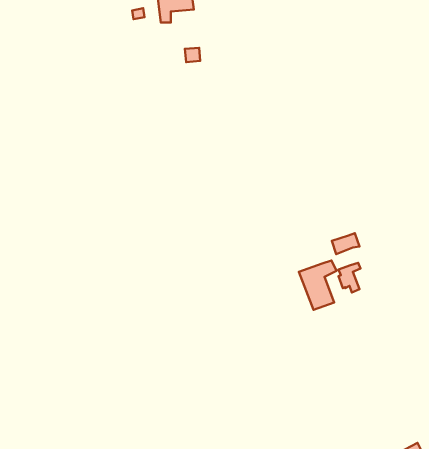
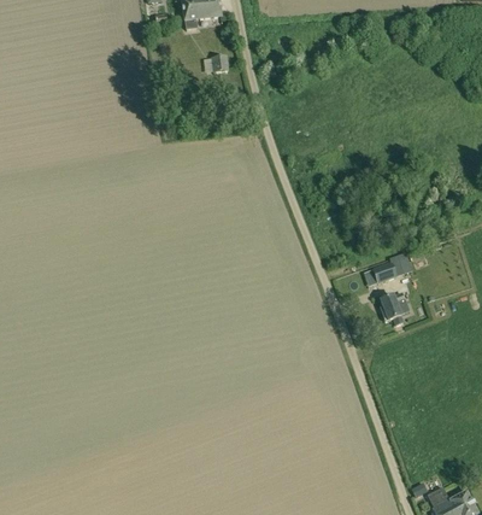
building: [299,260,337,310] -> none

